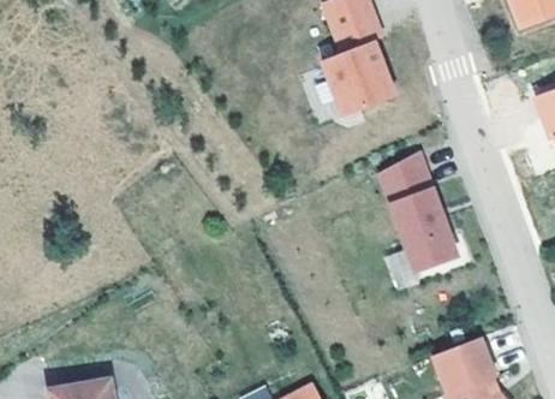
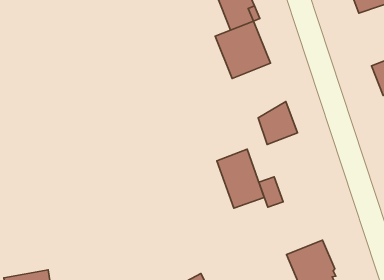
building: [396,190,460,269] -> [217,149,264,208]

